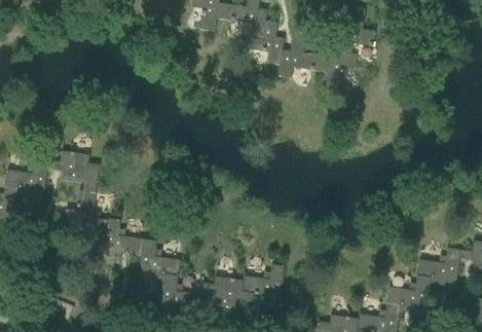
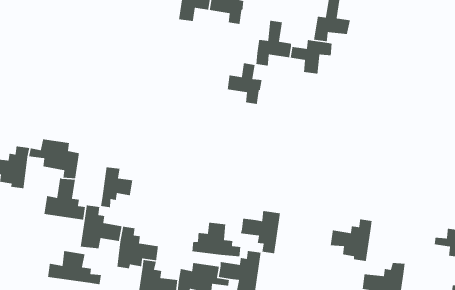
building: [249,21,285,64] -> [227,62,262,105]
building: none -> [100,166,133,208]
building: none -> [240,210,281,254]
building: none -> [191,222,241,257]
building: [417,248,460,292] -> [330,218,373,262]
building: none -> [47,250,102,285]

